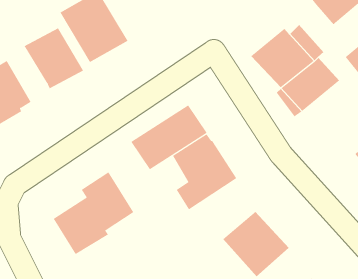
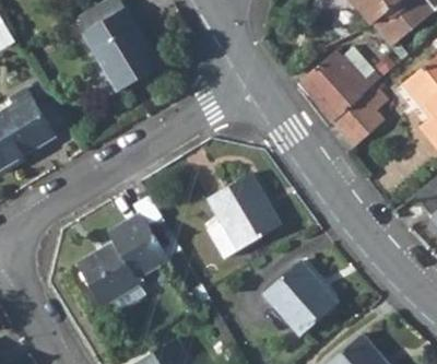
building: [24,27,84,89] -> none
building: [130,105,208,170] -> none

